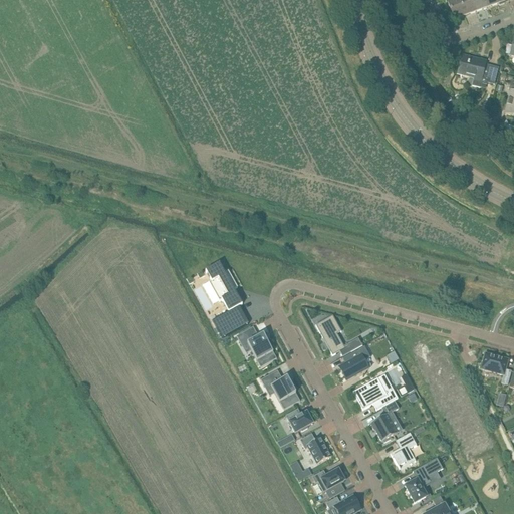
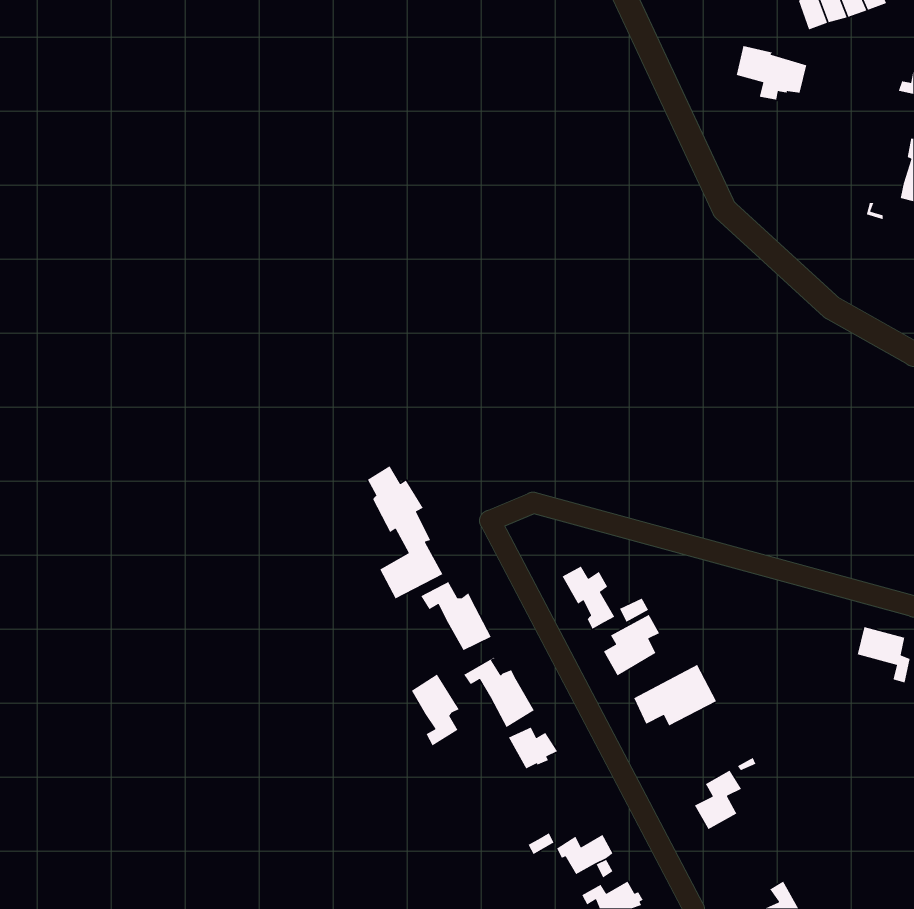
building: [458,55,498,86] -> [736,45,807,101]
building: none -> [411,674,460,746]
building: [370,400,399,441] -> none
building: [299,432,331,463] -> none
building: [405,456,443,502] -> none

